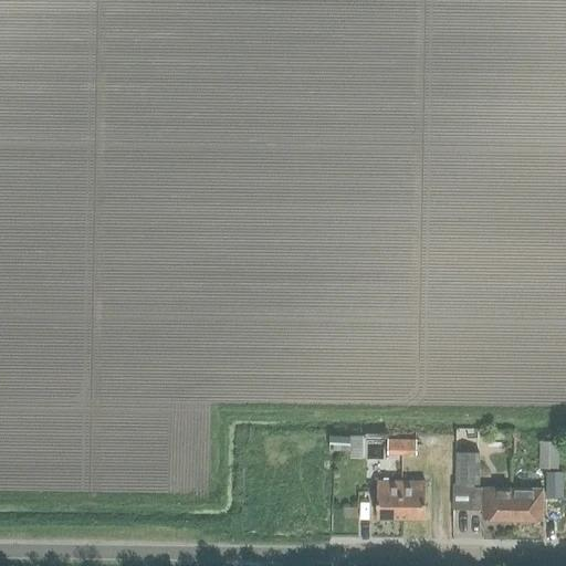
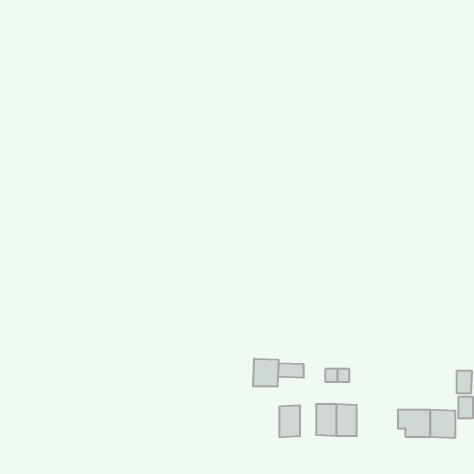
building: none -> [253,359,278,387]
building: [454,452,479,483] -> none
building: none -> [280,405,300,437]

